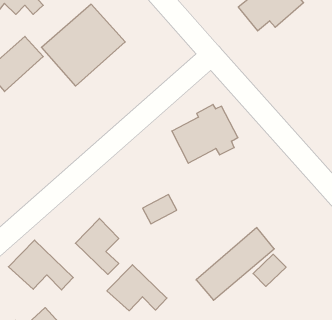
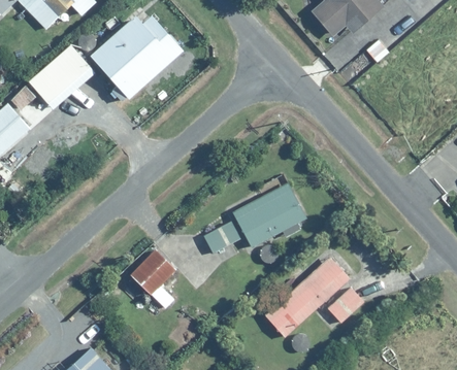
building: [172,104,238,163] -> [232,182,306,248]
building: [8,240,73,290] -> none
building: [107,265,167,311] -> none

